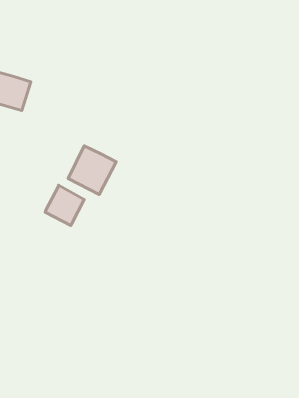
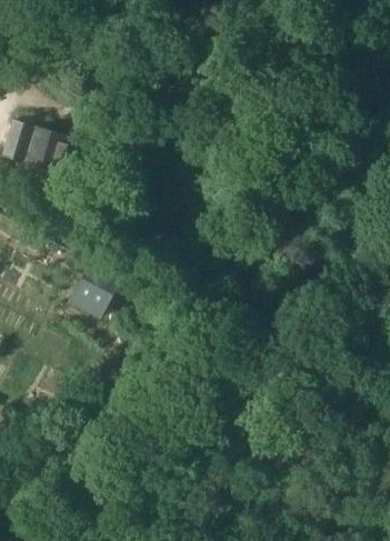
building: [68,146,116,195] -> none

